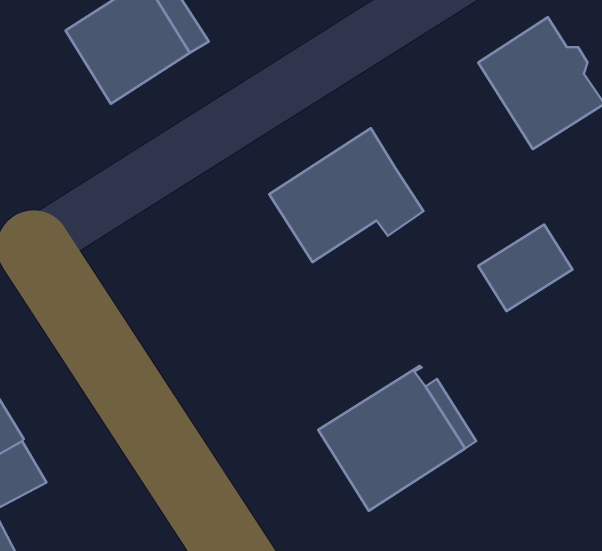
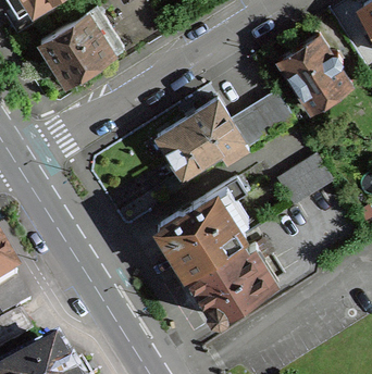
building: none -> [230,95,295,148]
building: none -> [156,176,248,274]

